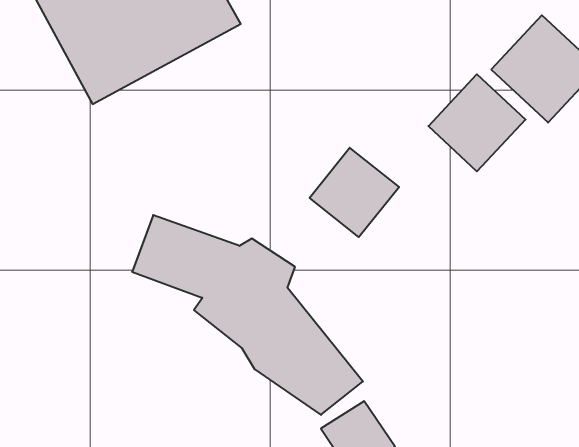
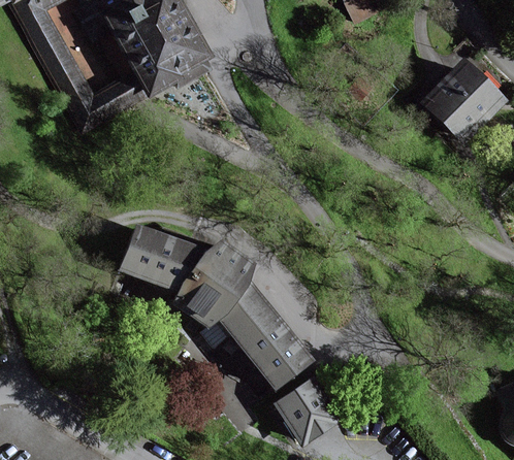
building: [428,74,526,171] -> none
building: [310,148,399,237] -> none

